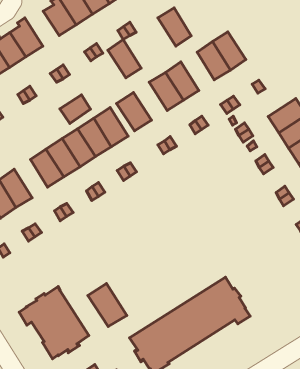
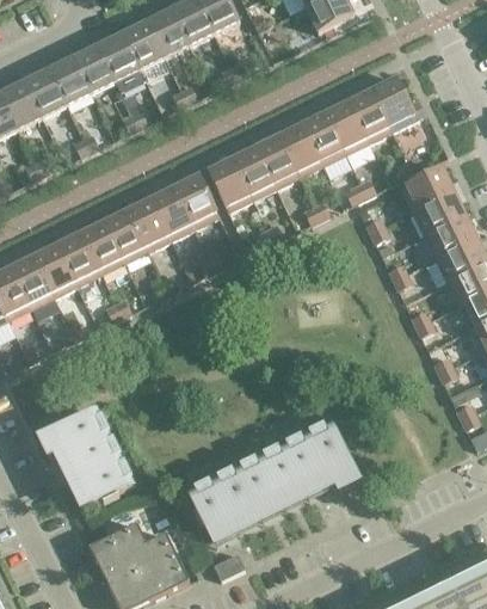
building: [158,8,191,46] -> [302,111,345,164]
building: none -> [95,31,140,79]
building: none -> [371,76,425,129]
building: [108,40,141,78] -> [233,144,276,197]
building: none -> [401,166,454,210]
building: [60,95,90,124] -> none
building: none -> [57,232,100,284]
building: [88,284,127,327] -> none

